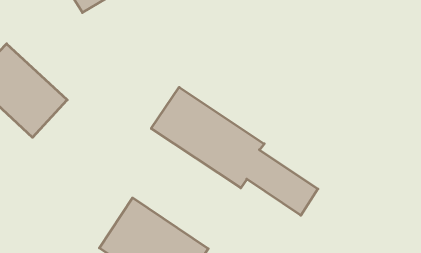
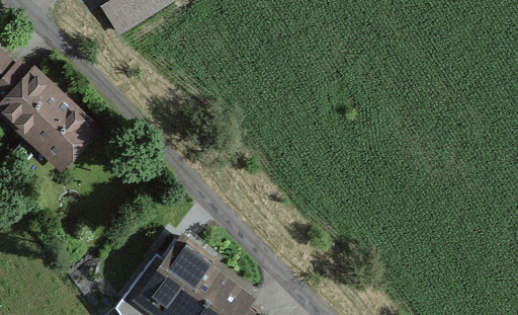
building: [151,87,318,215] -> none

